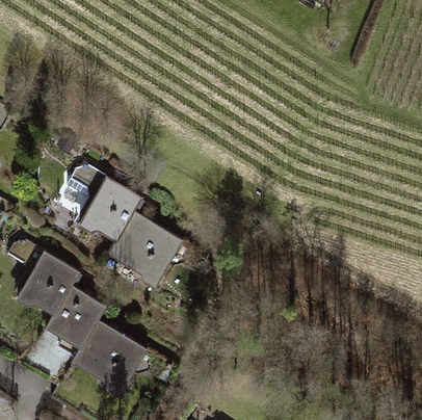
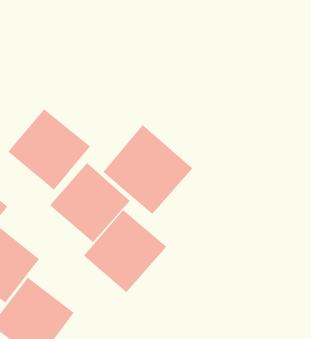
building: none -> [103,124,193,215]
building: none -> [83,209,167,293]

